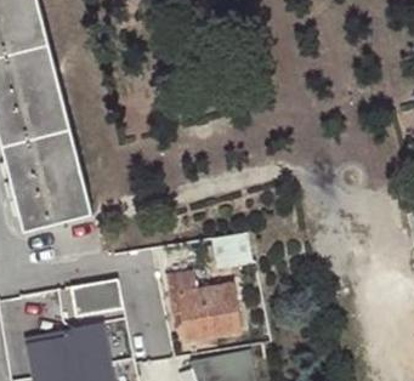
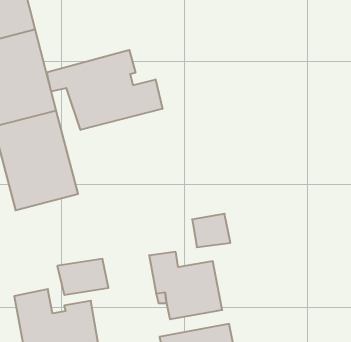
building: none -> [47,50,162,130]

